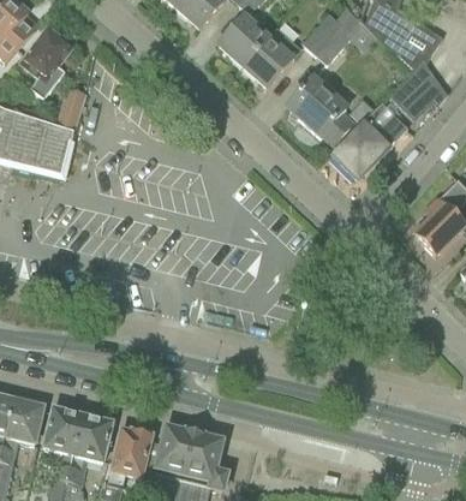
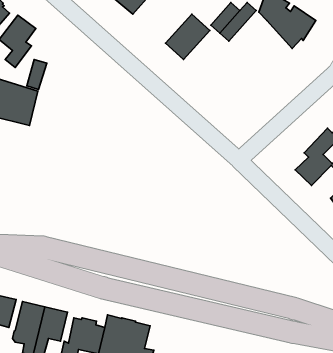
building: [219,16,277,66] -> none
building: [389,60,448,107] -> none
building: [287,77,354,143] -> none
building: [333,102,407,178] -> none

